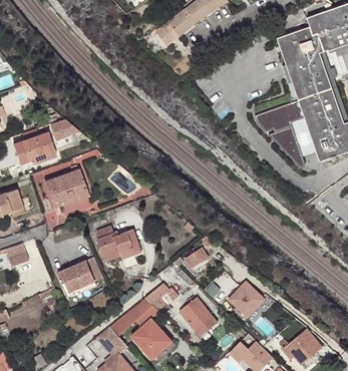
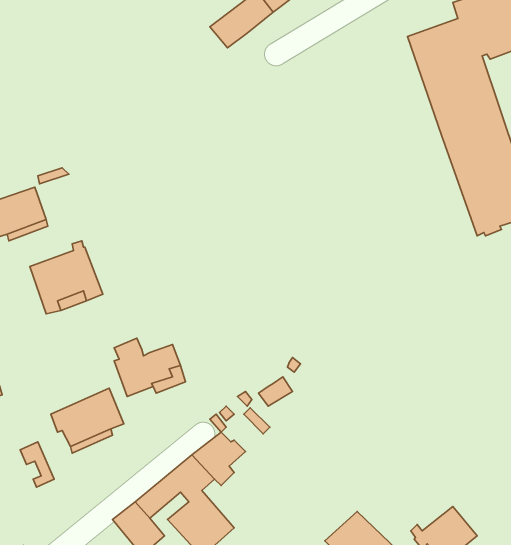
building: [254,99,316,168] -> none
building: [228,280,264,316] -> none
building: [179,297,217,336] -> none

